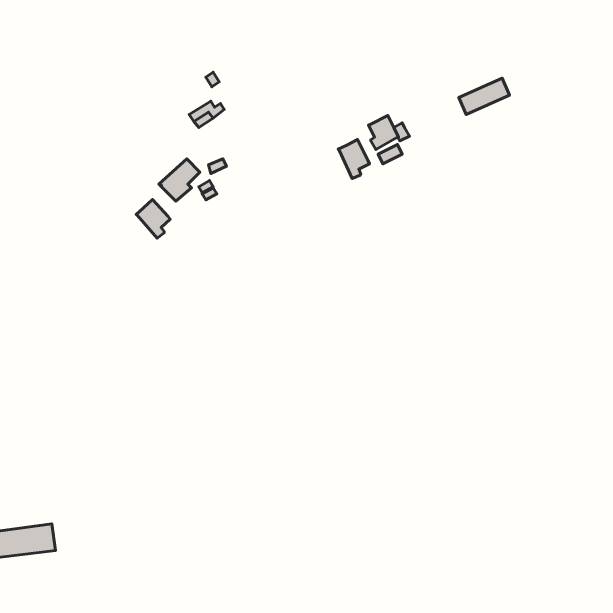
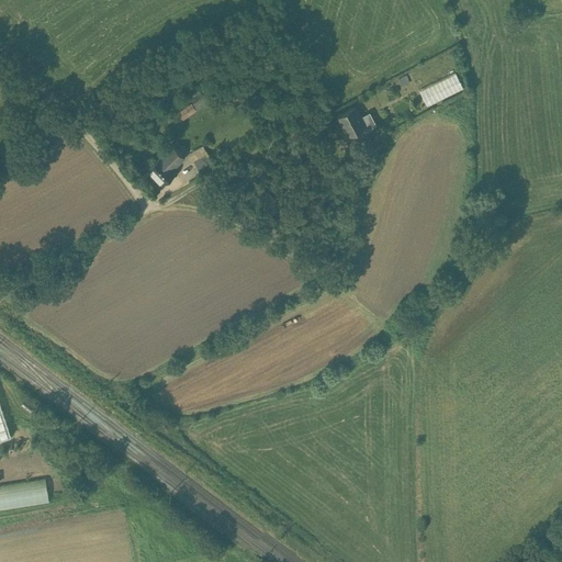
building: [338,140,370,178] -> none
building: [136,200,170,238] -> none

